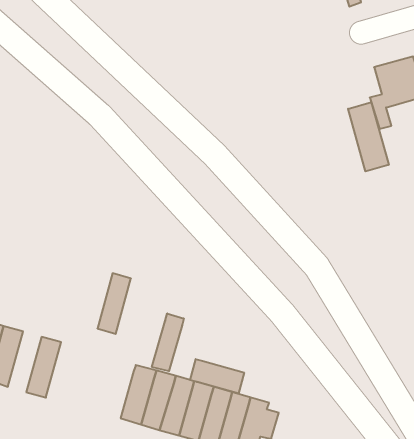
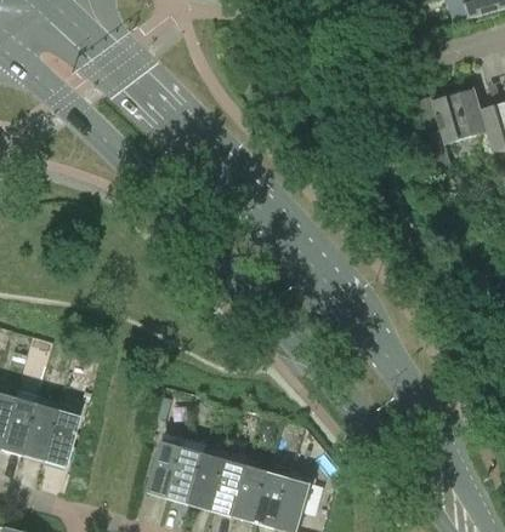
building: [348,102,389,171] -> none
building: [97,273,131,334] -> [21,395,58,463]
building: [152,313,184,371] -> none
building: [190,359,244,394] -> none

